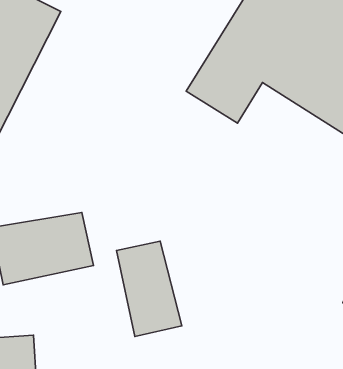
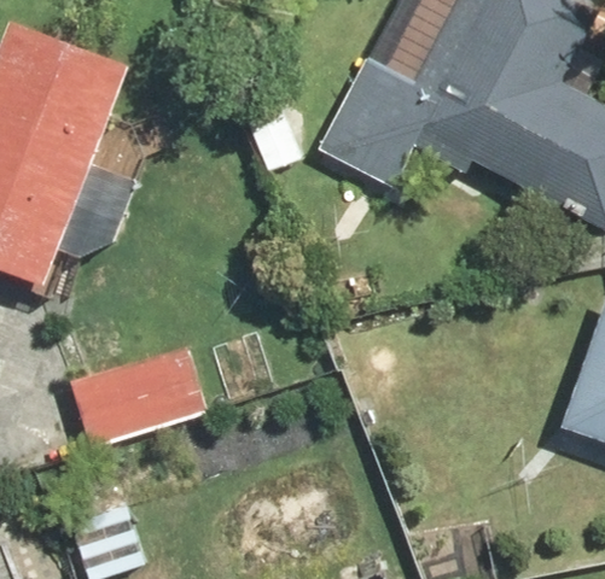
building: [116,241,182,336] -> none

